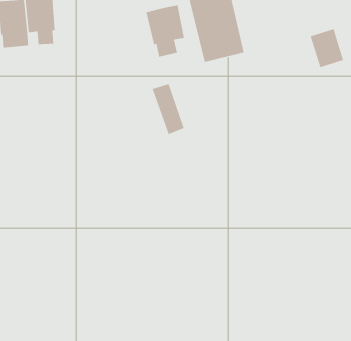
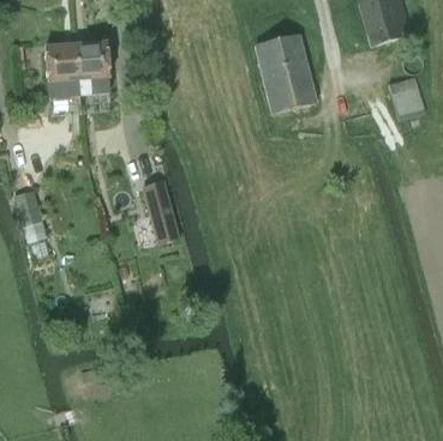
building: [146,4,185,58] -> none
building: [152,83,184,135] -> [146,181,182,237]

